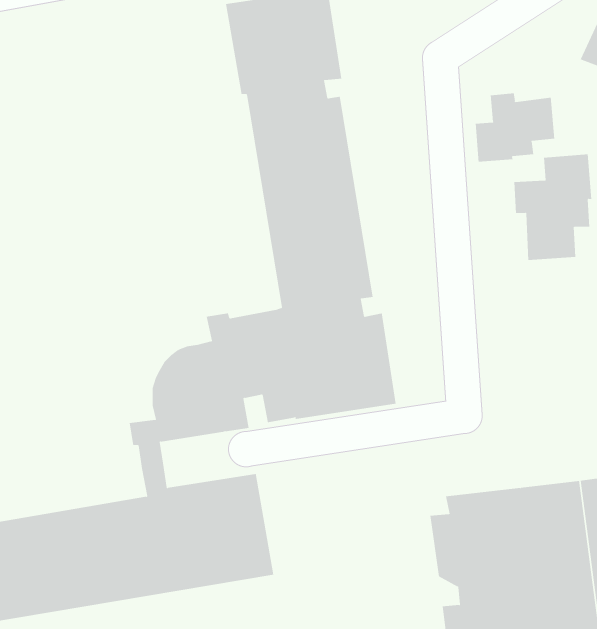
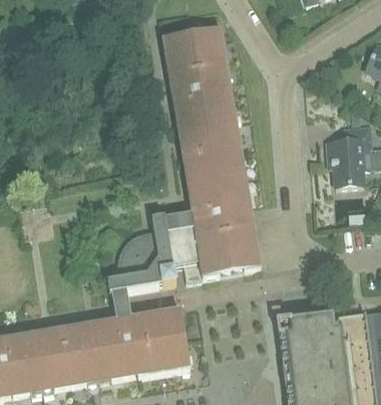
building: [475,92,555,163] -> none

